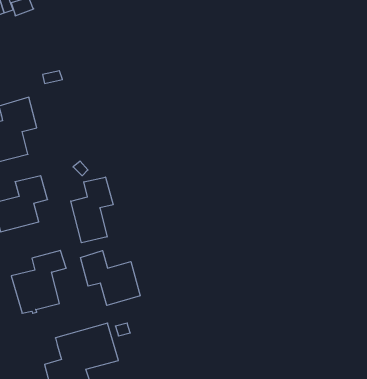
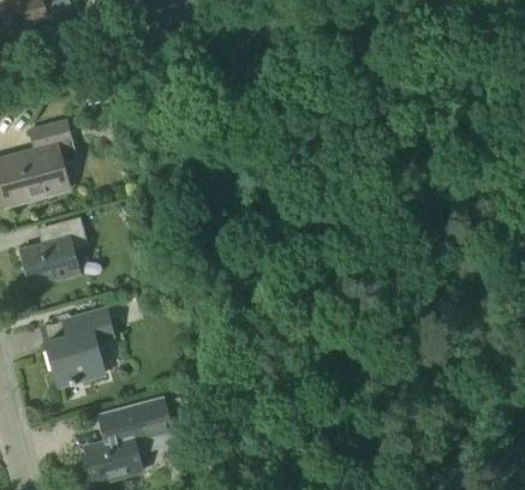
building: [71,177,113,243] -> none
building: [81,251,140,305] -> none

